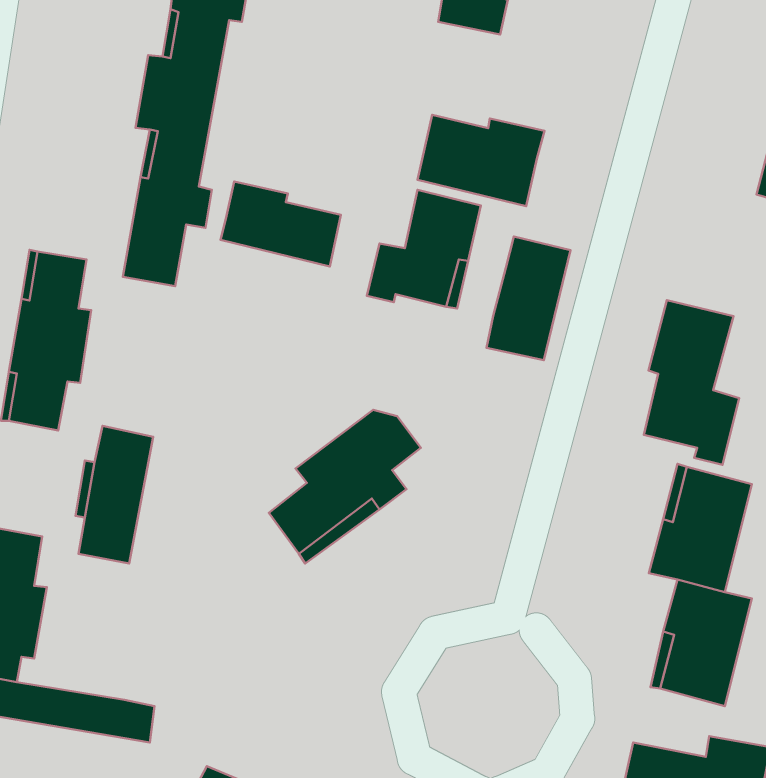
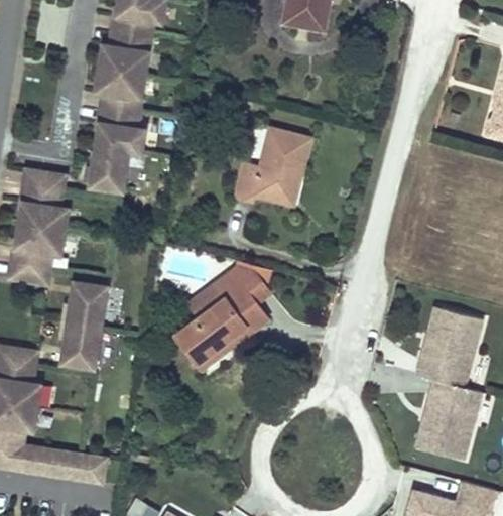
building: [418,115,544,206] -> none
building: [220,181,341,266] -> none
building: [487,236,571,360] -> none
building: [644,300,739,465] -> none

